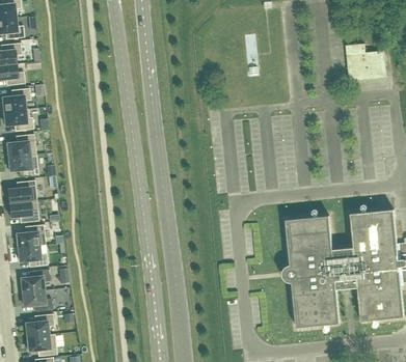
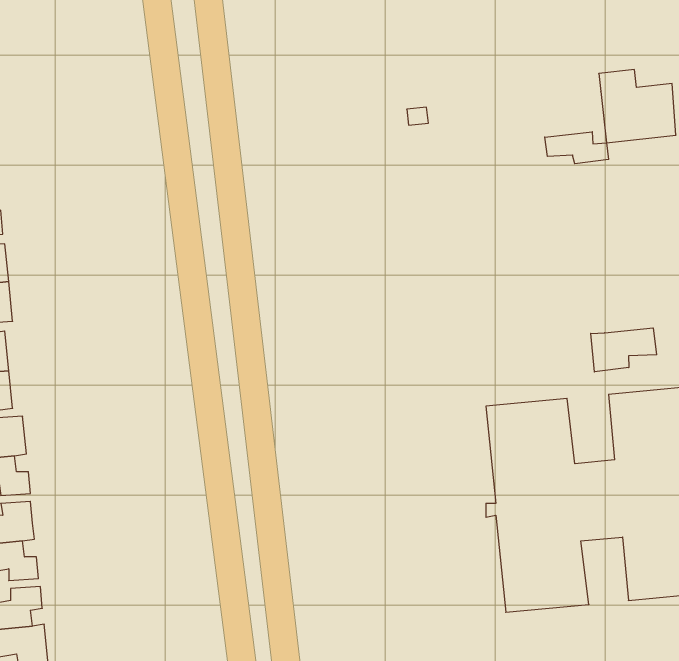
building: none -> [545,132,609,164]
building: none -> [591,328,657,372]

